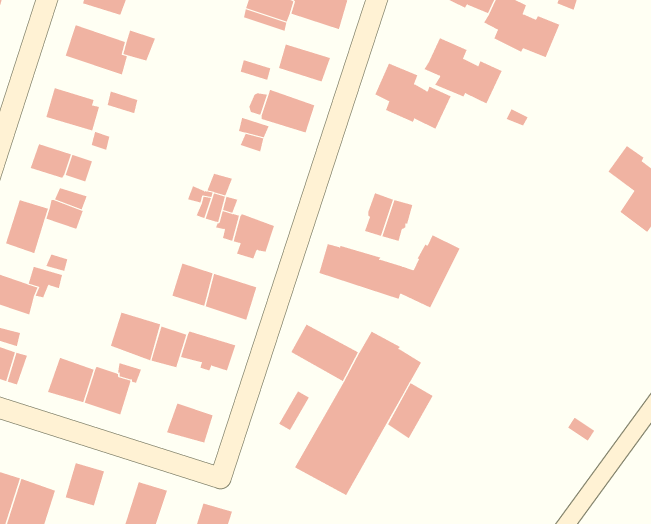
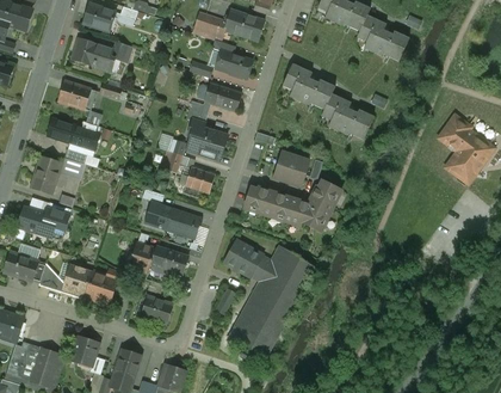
building: [424,38,502,104] -> [320,93,373,139]
building: none -> [186,123,227,158]
building: [110,312,161,361] -> none
building: [387,382,433,439] -> none

